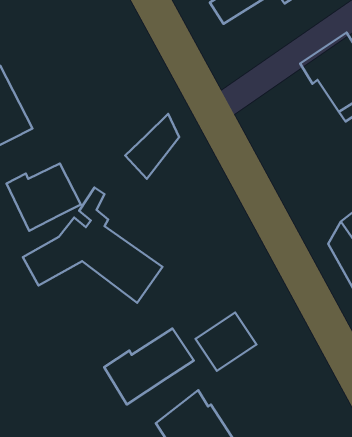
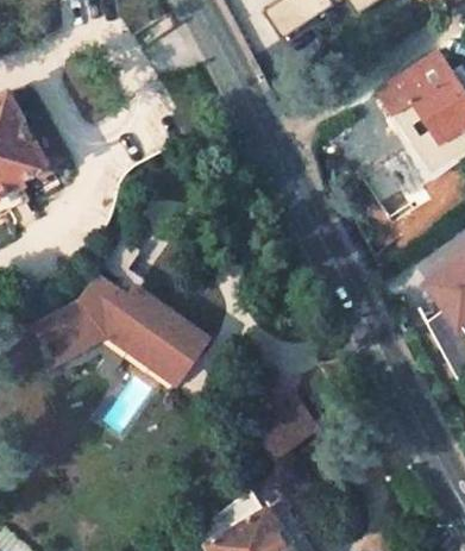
building: [125,114,179,179] -> none
building: [7,164,81,231] -> none
building: [104,329,194,404] -> none

